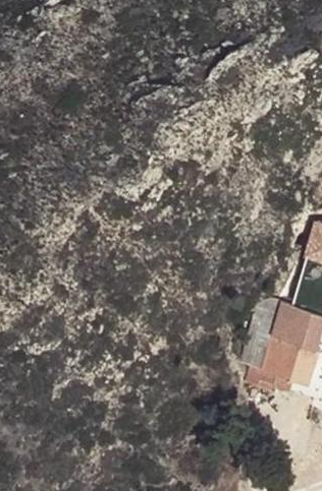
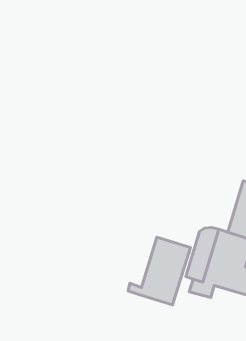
building: none -> [128,237,190,305]

